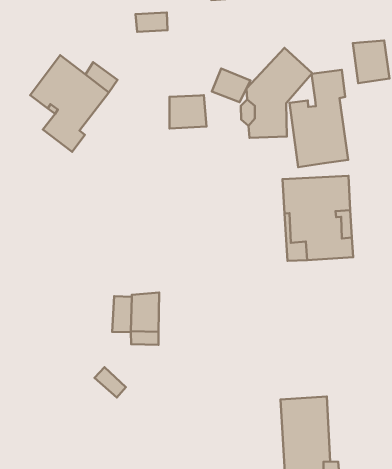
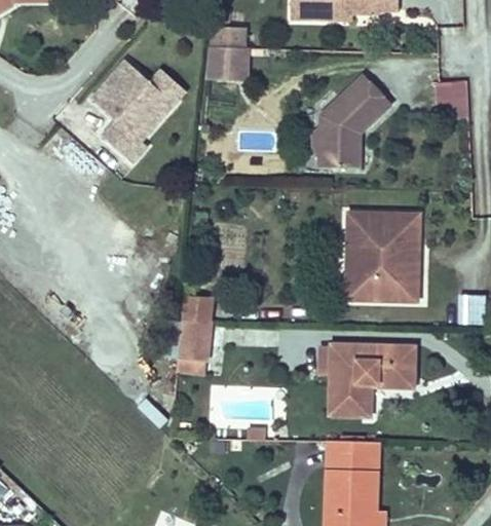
building: [212,68,251,102] -> none
building: [289,70,348,167] -> none
building: [169,95,207,129] -> [209,45,248,79]
building: none -> [330,342,415,414]

